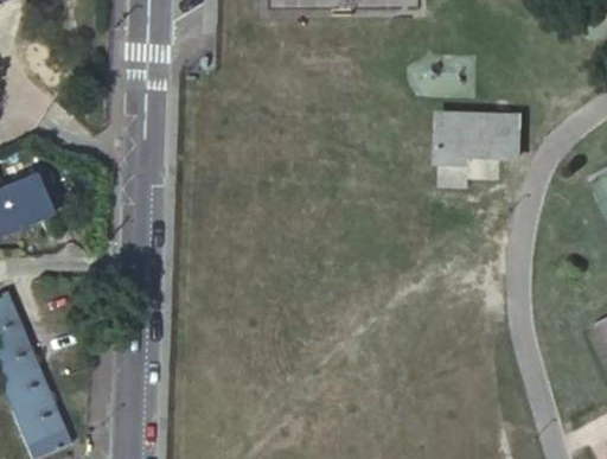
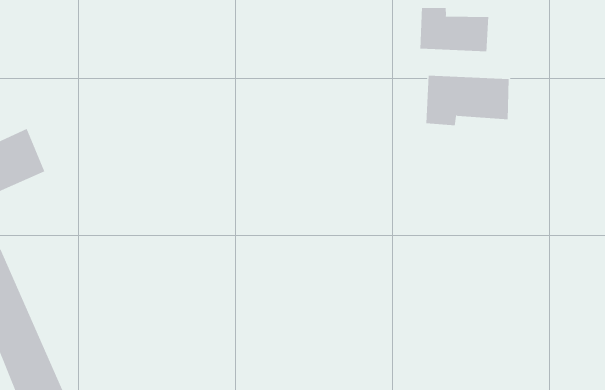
building: none -> [420,7,489,52]

